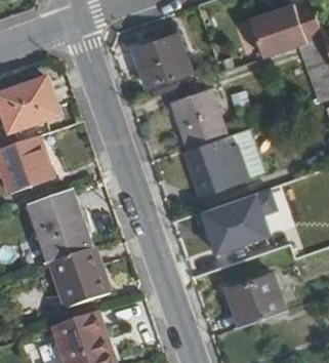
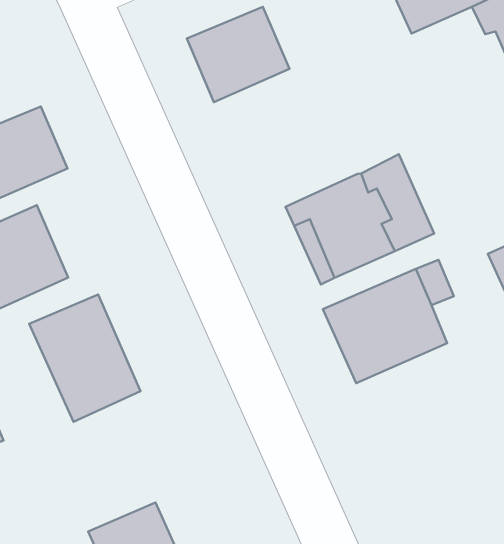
building: [173,89,224,148] -> none
building: [49,249,108,310] -> none
building: [224,271,285,325] -> none

